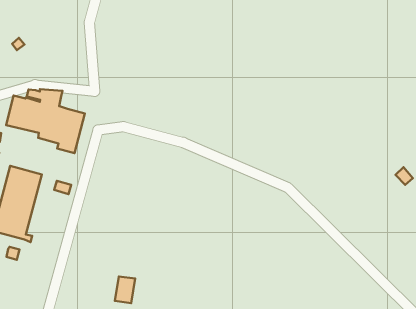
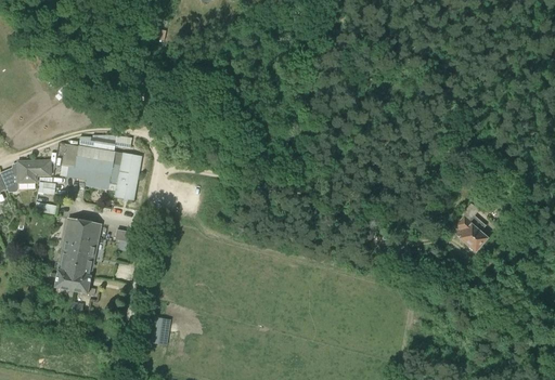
building: none -> [454,204,487,252]
building: [115,276,135,303] -> [150,316,169,343]

